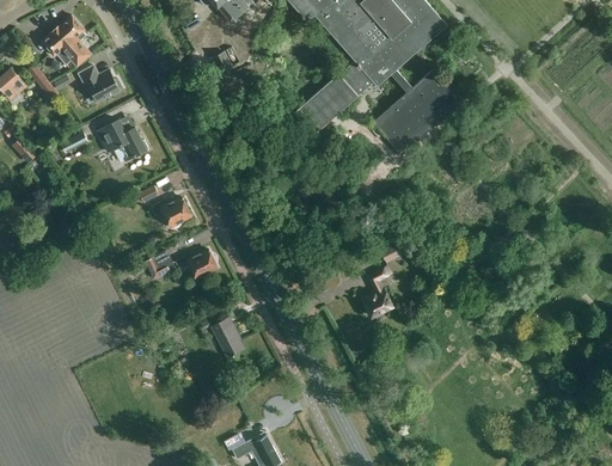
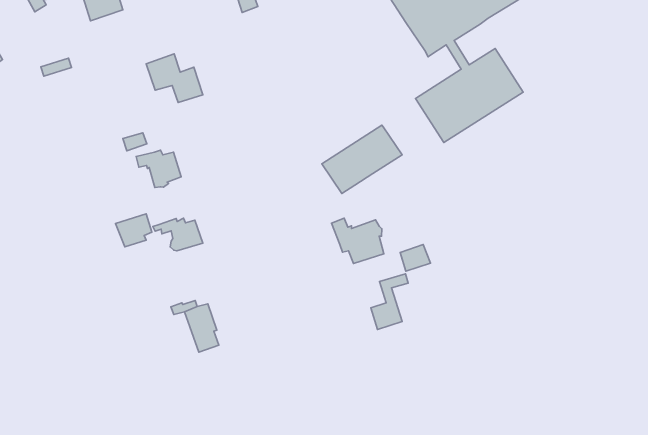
building: [294,73,359,134] -> [322,125,402,193]
building: [97,118,147,158] -> [146,54,203,103]
building: none -> [332,218,384,264]

